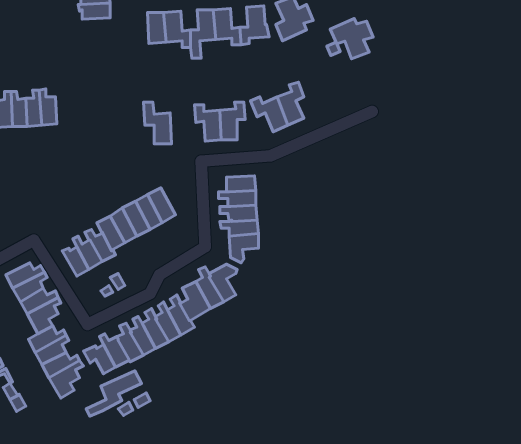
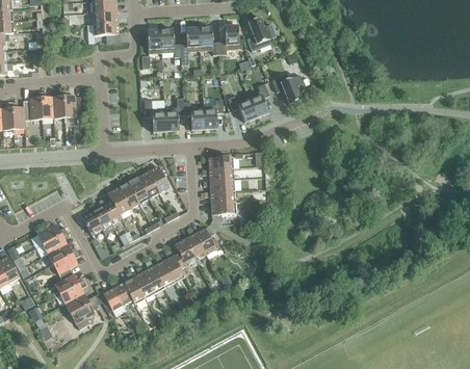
building: [330,19,373,59] -> [271,73,305,104]
building: none -> [164,98,184,132]
building: [86,371,142,416] -> none

